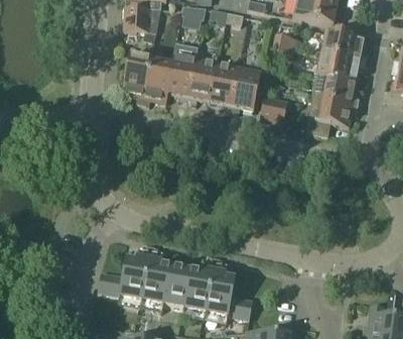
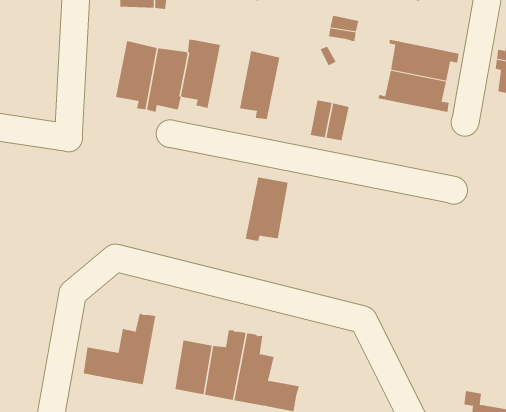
building: [316,30,368,62] -> none
building: [187,55,218,103] -> none
building: [230,65,261,111] -> [245,177,289,242]
building: [306,95,359,135] -> none
building: [141,249,169,302] -> none

